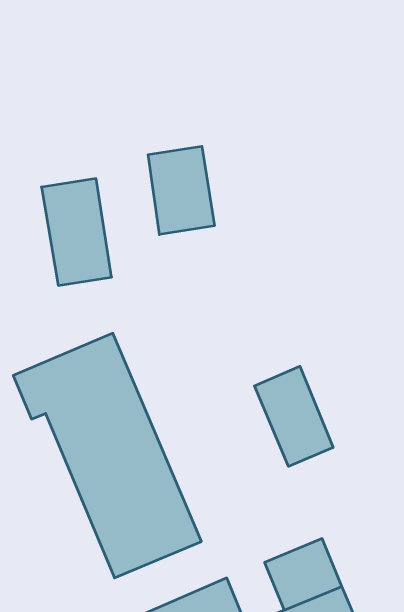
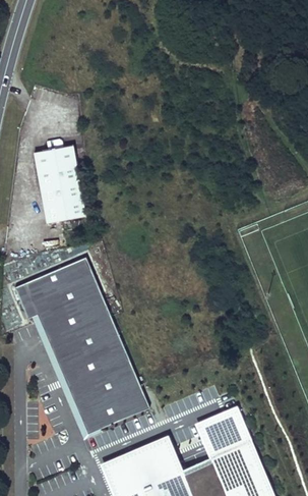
building: [148,146,214,235] -> none
building: [254,366,333,466] -> none

